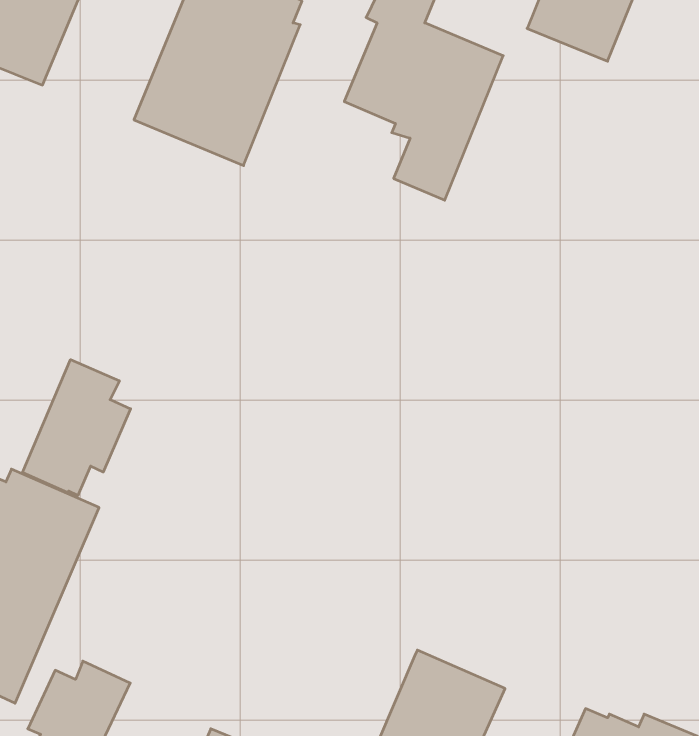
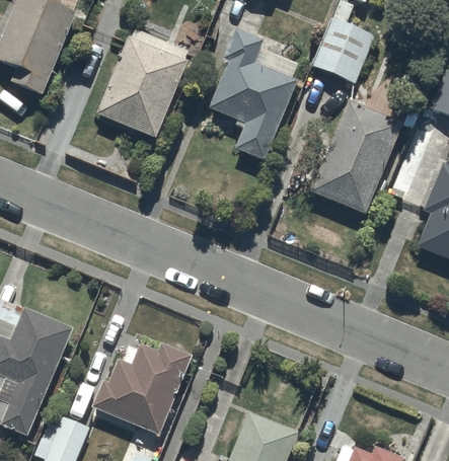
building: none -> [309,101,400,215]
building: [22,360,131,496] -> none
building: none -> [92,343,193,436]

